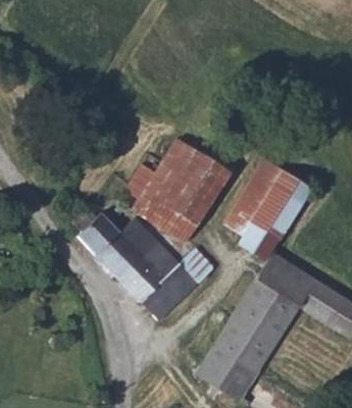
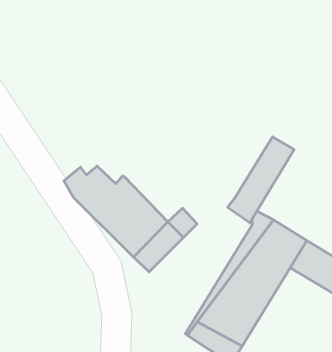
building: [138,142,227,239] -> none
building: [222,161,287,241] -> none

